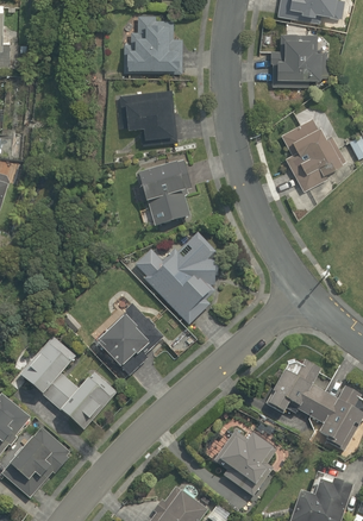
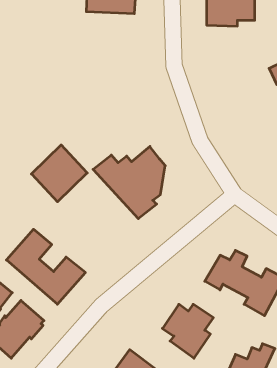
building: [118,89,179,149] -> none
building: [278,115,344,190] -> none
building: [140,163,193,224] -> none
building: [94,303,163,374] -> [31,145,87,202]

